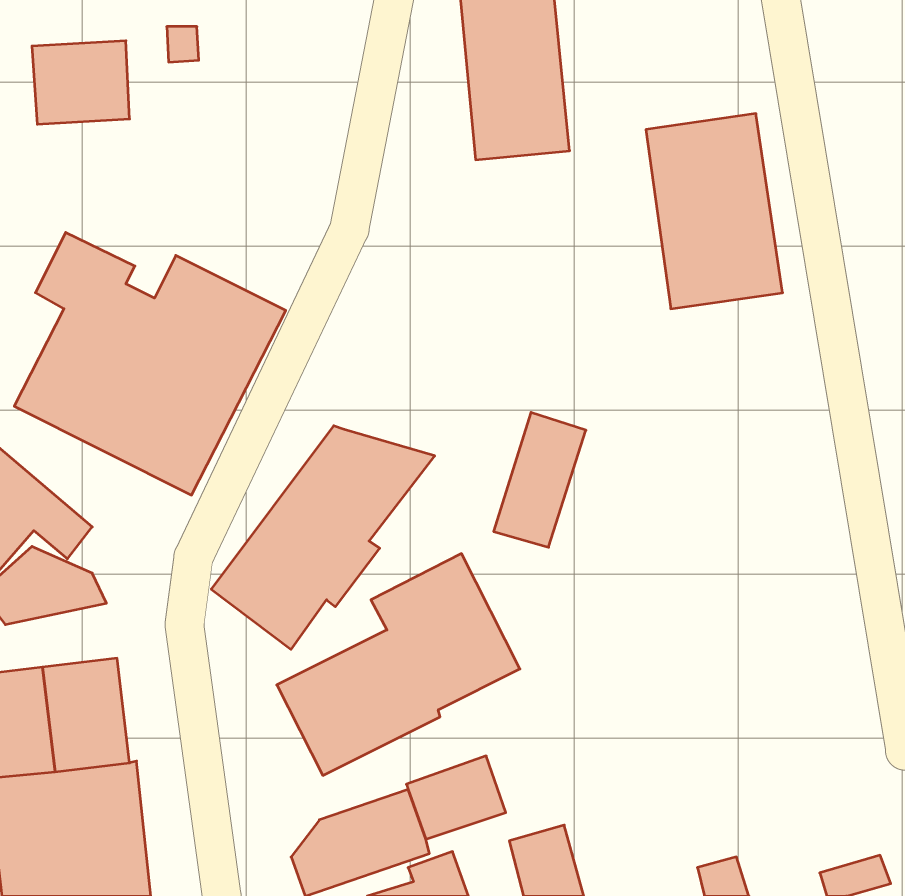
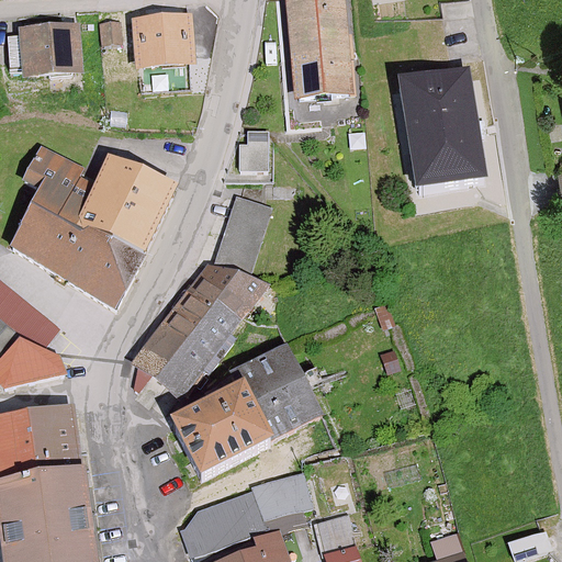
building: none -> [132,16,193,70]
building: none -> [238,130,266,168]
building: [494,412,586,547] -> [213,192,270,276]

